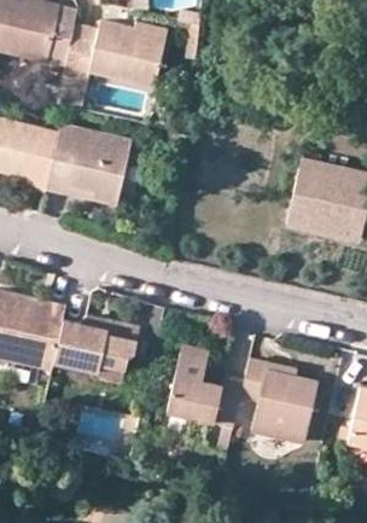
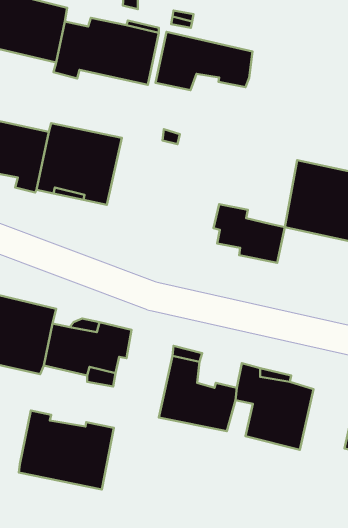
building: none -> [156,32,253,90]
building: none -> [213,204,285,263]
building: none -> [19,411,114,490]

